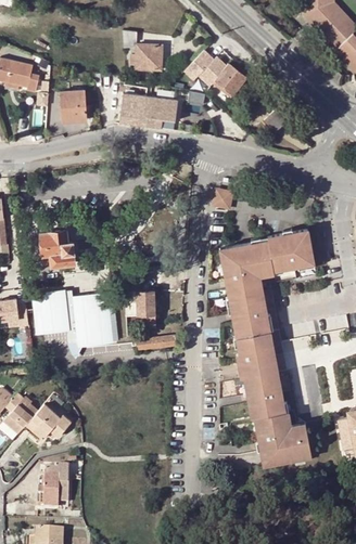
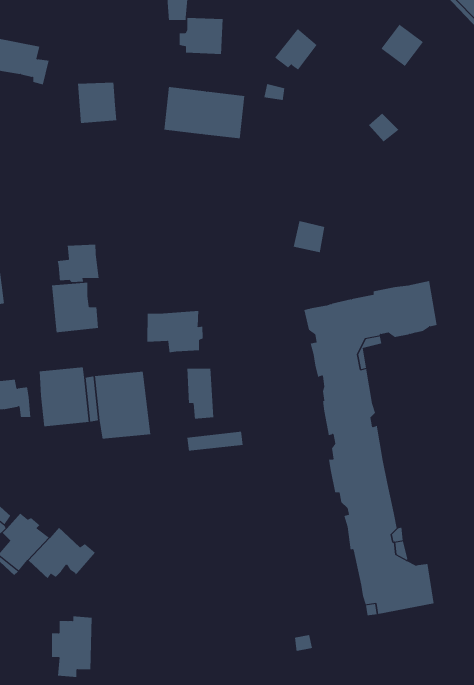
building: [215,64,245,94] -> [381,24,424,67]
building: none -> [57,244,99,283]
building: none -> [147,310,203,353]

